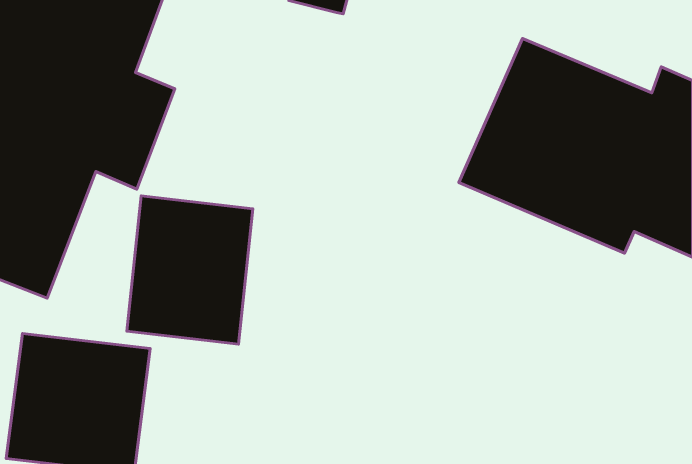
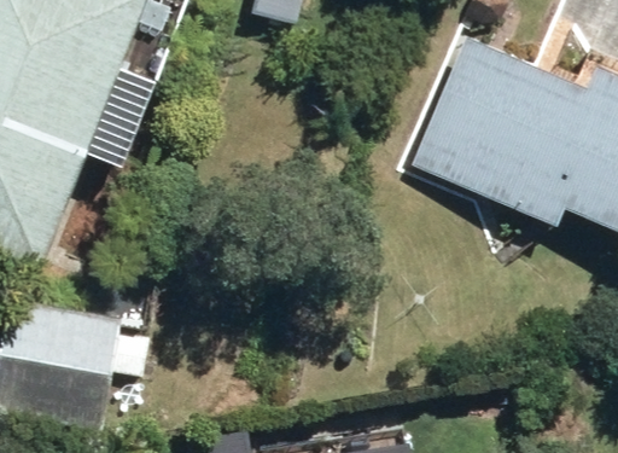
building: [127,196,253,344] -> none

